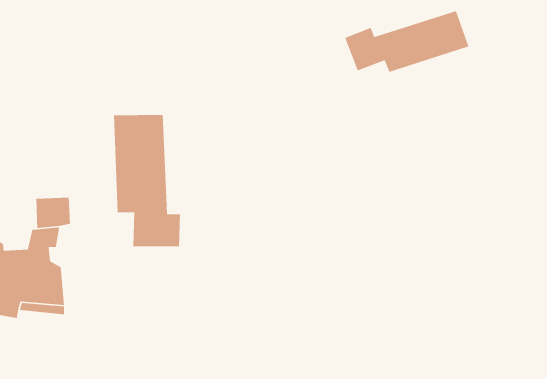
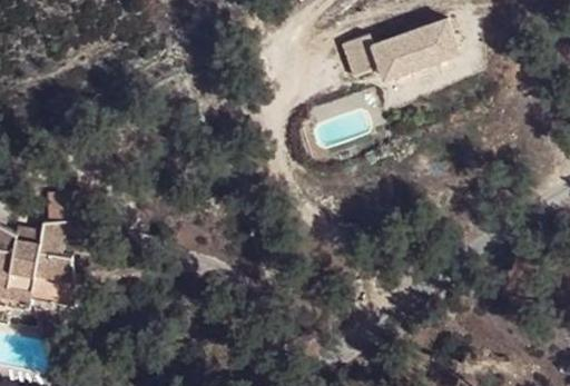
building: [113,114,181,247] -> none

